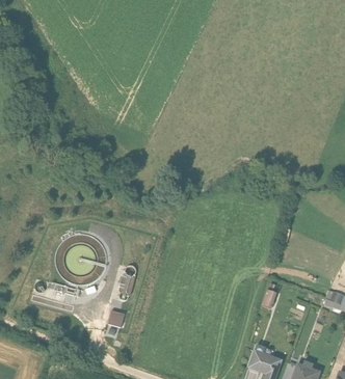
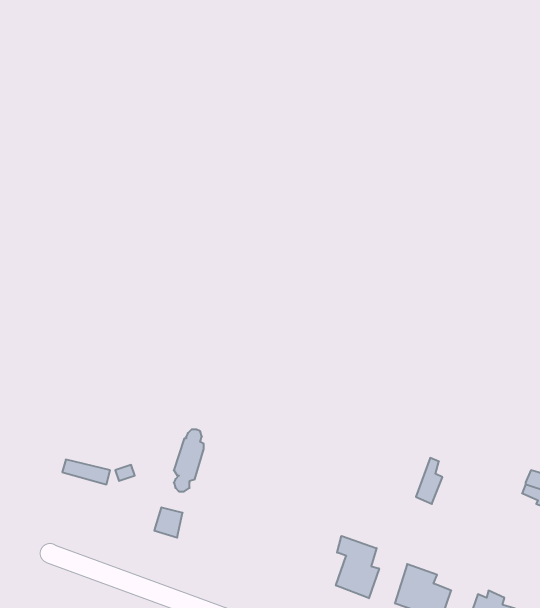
building: none -> [336,536,379,598]

